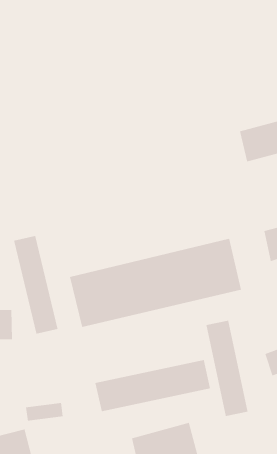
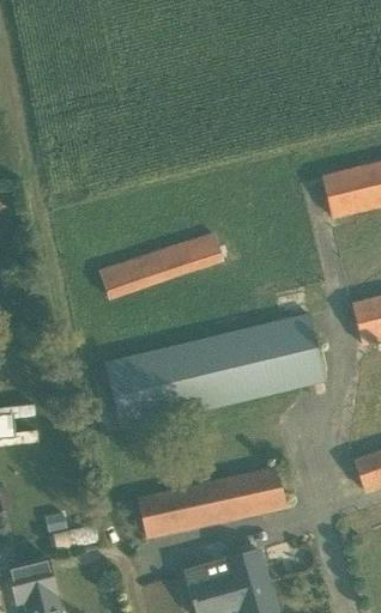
building: none -> [101,233,224,296]
building: [13,235,58,335] -> none
building: [206,320,248,417] -> none

